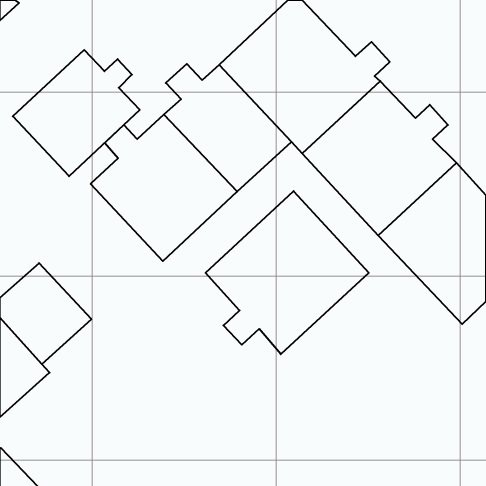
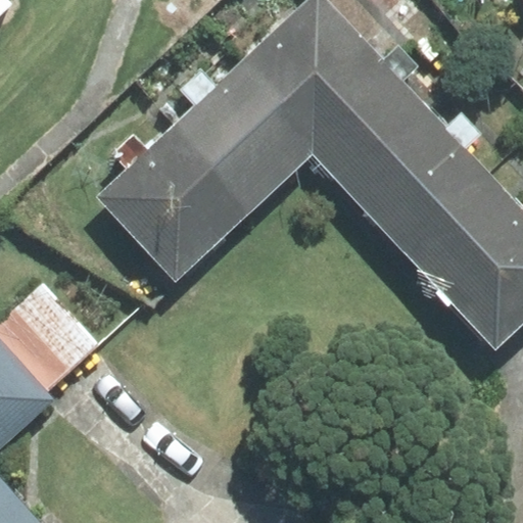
building: [13,50,140,176] -> none
building: [206,191,369,354] -> none

